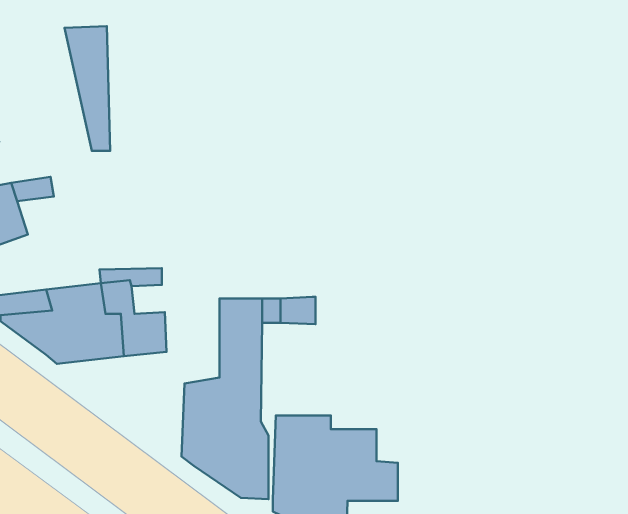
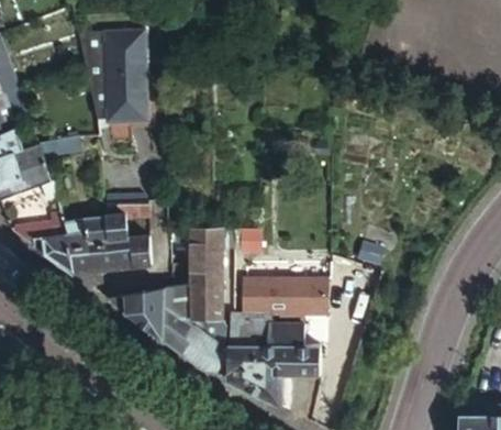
building: none -> [110,32,148,122]
building: none -> [242,278,329,315]
building: none -> [105,290,166,343]

